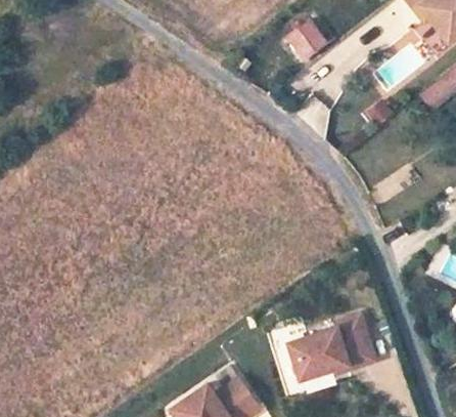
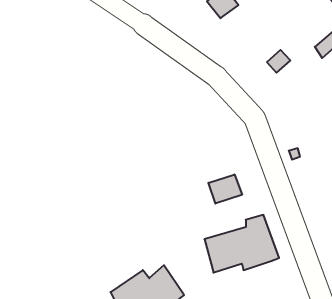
building: none -> [208,174,242,204]

